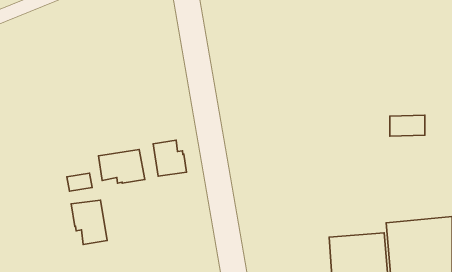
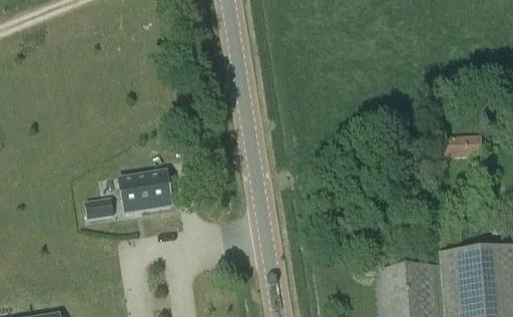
building: [153,140,186,176] -> none
building: [71,200,107,244] -> none

